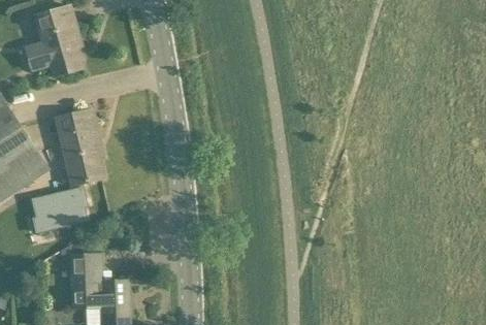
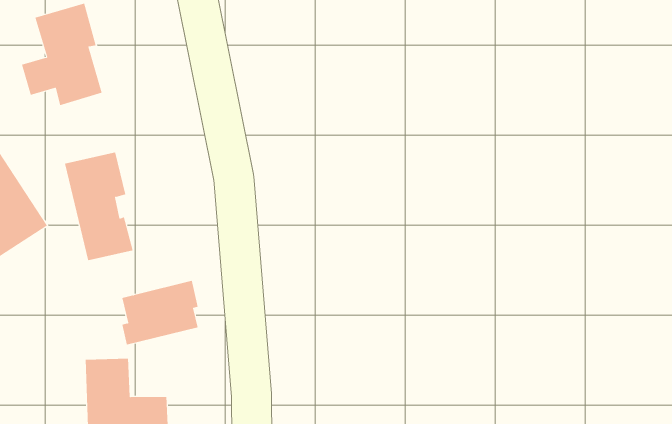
building: [32,187,86,232] -> [122,280,198,345]

